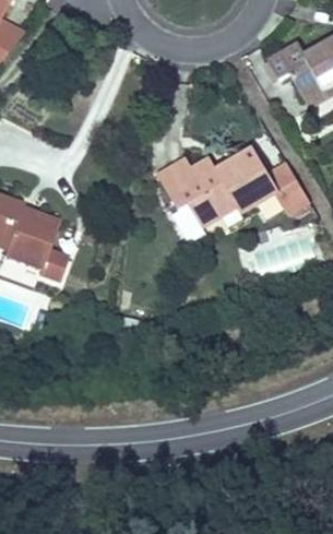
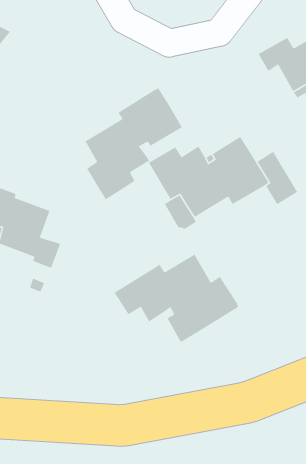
building: none -> [85,87,183,200]
building: none -> [114,254,239,343]

